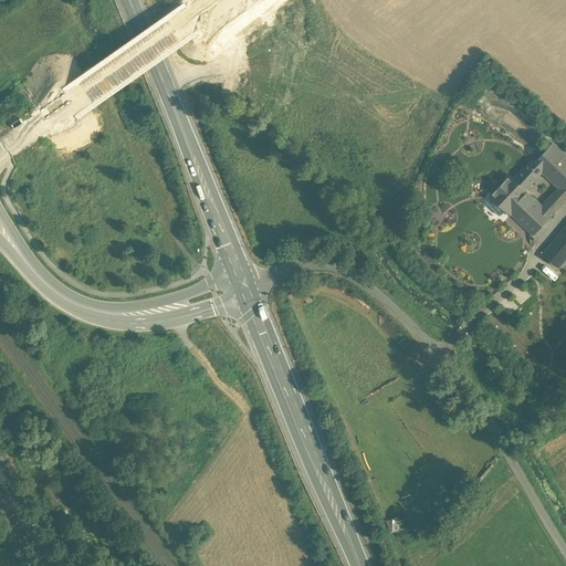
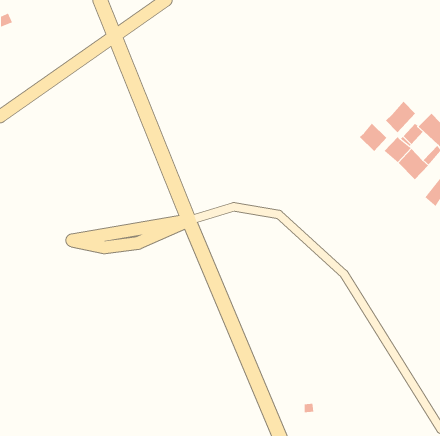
building: none -> [385,101,416,133]
building: none -> [359,123,387,152]

